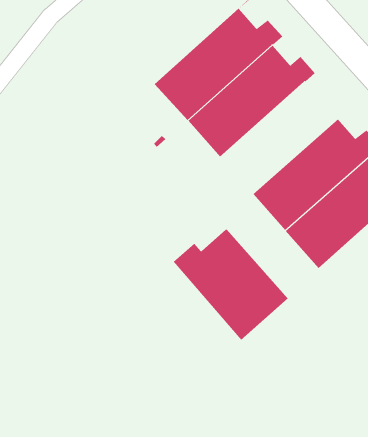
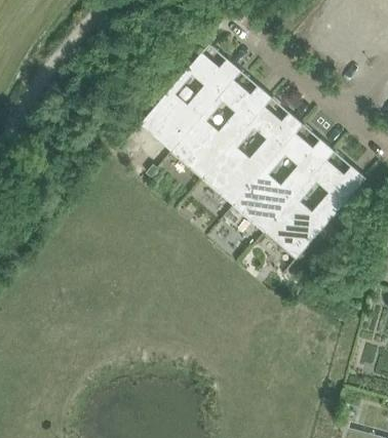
building: none -> [202,107,303,205]
building: [173,229,289,340] -> none

